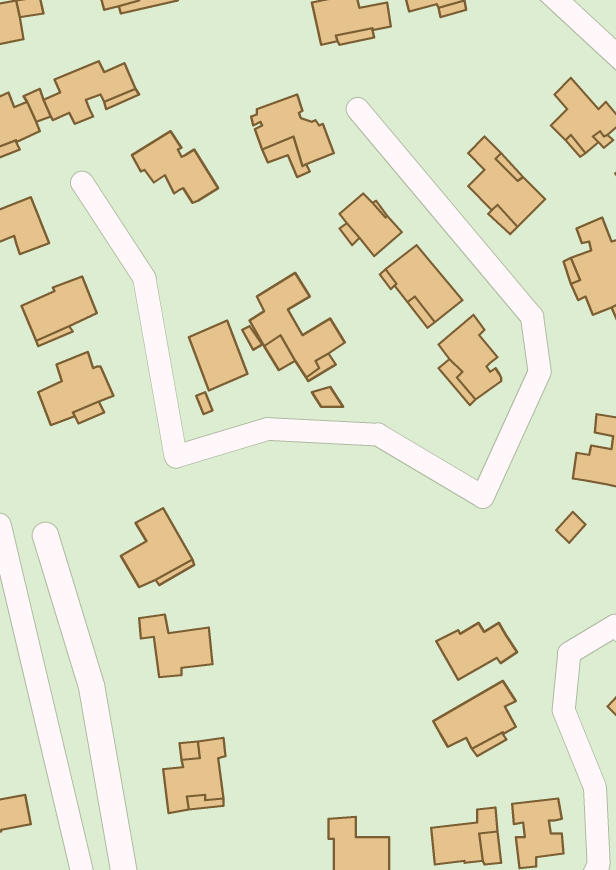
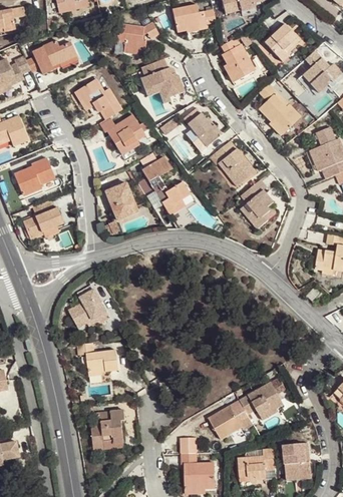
building: none -> [116,22,159,55]
building: none -> [264,24,299,62]
building: none -> [221,39,256,83]
building: none -> [99,115,145,155]
building: [436,623,517,680] -> [209,408,253,439]

